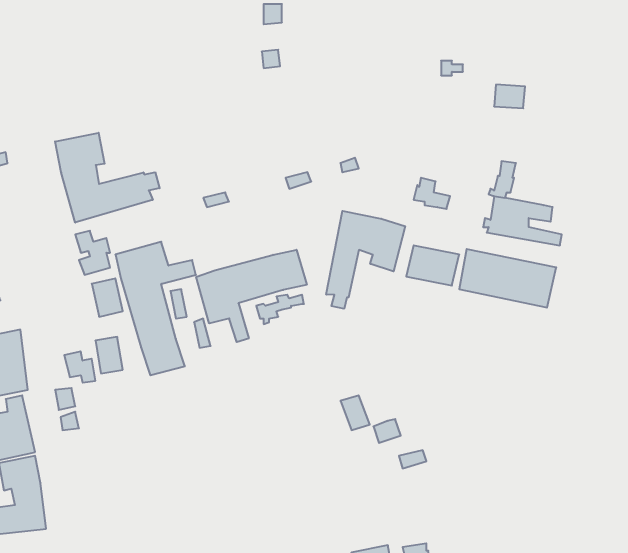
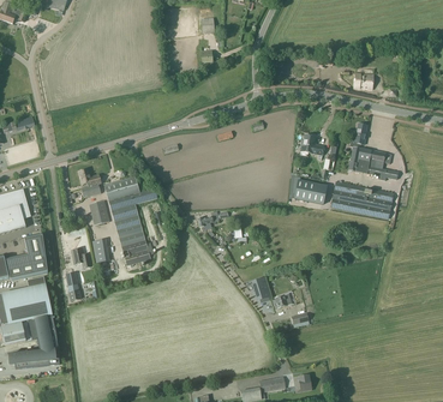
building: [55,133,160,223] -> none
building: [326,211,405,309] -> none
building: [196,250,307,342] -> none

